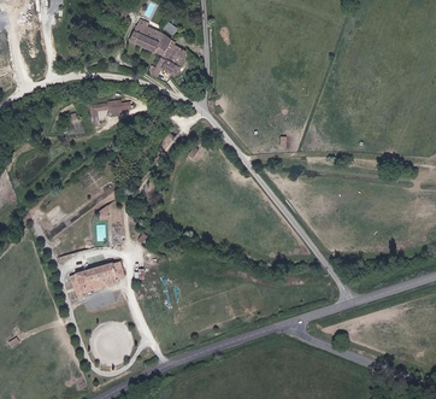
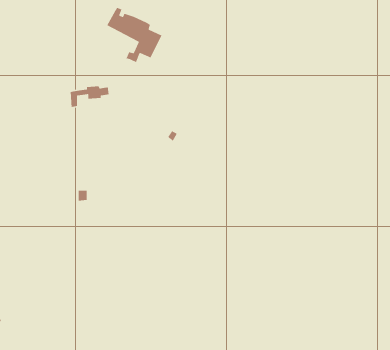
building: [72,260,122,301] -> none

